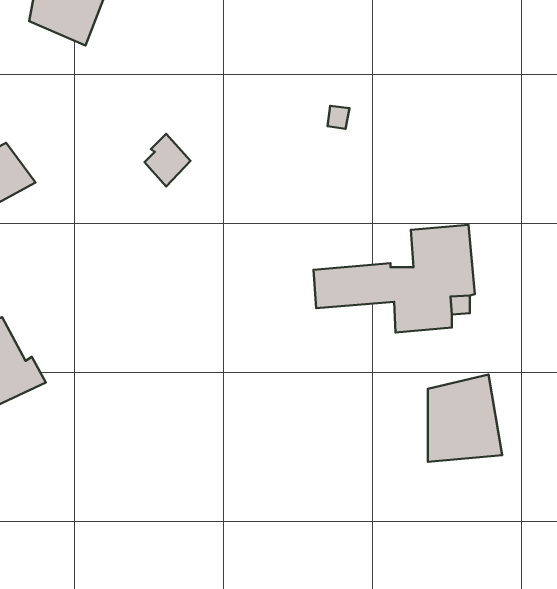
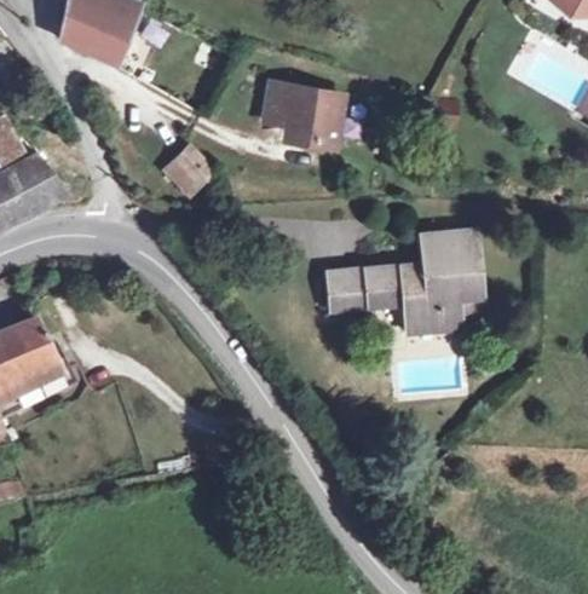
building: none -> [261,81,340,146]
building: [428,374,502,462] -> none

